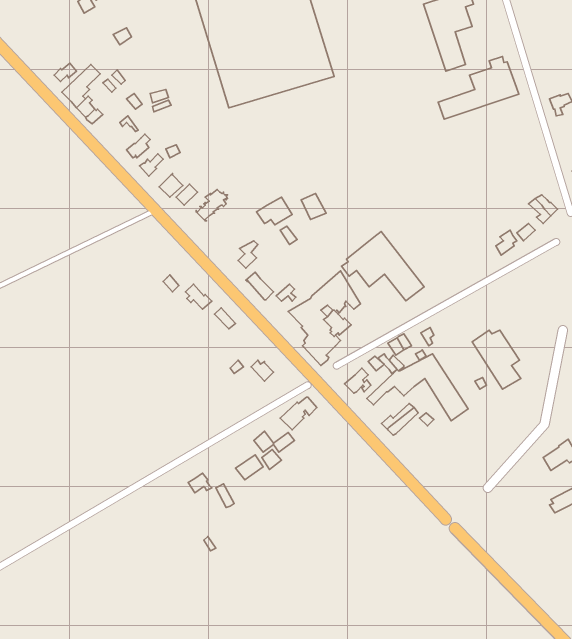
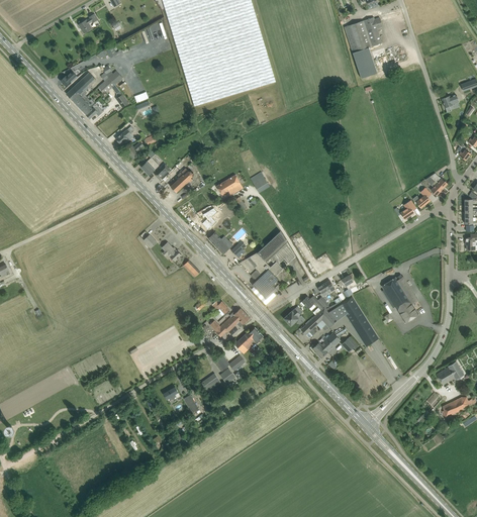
building: [438,56,519,119] -> none
building: [342,231,424,301] -> none
building: none -> [207,308,250,337]

